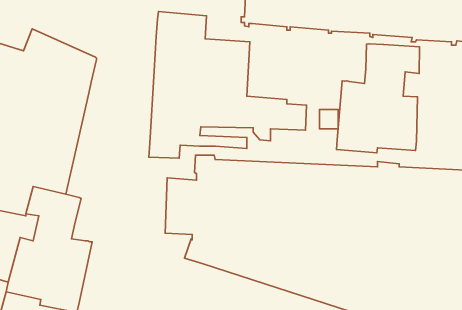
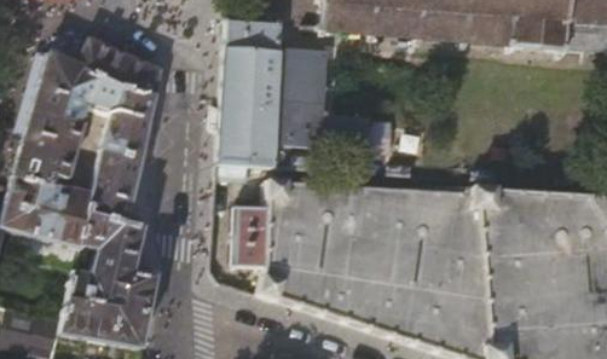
building: [337,44,420,153] -> none

